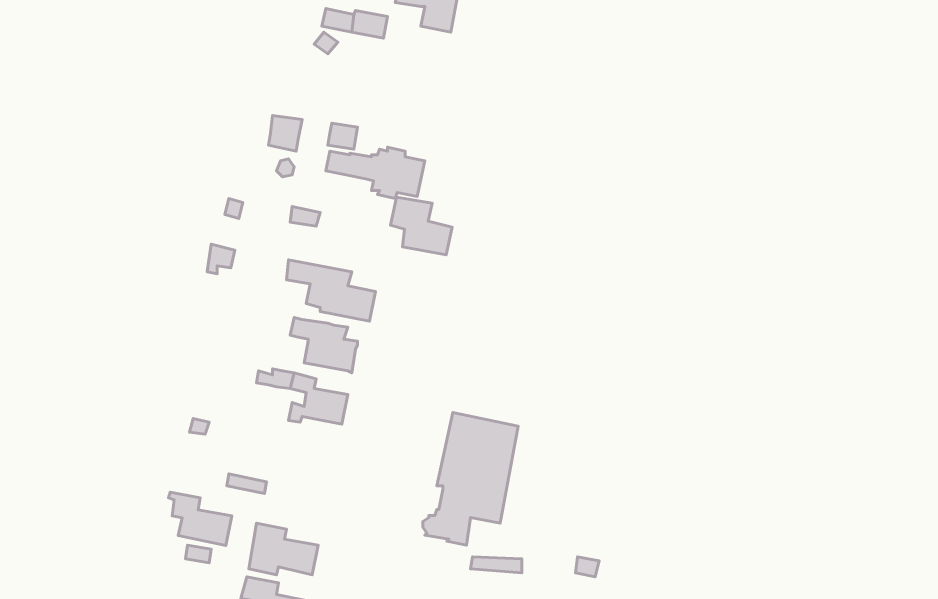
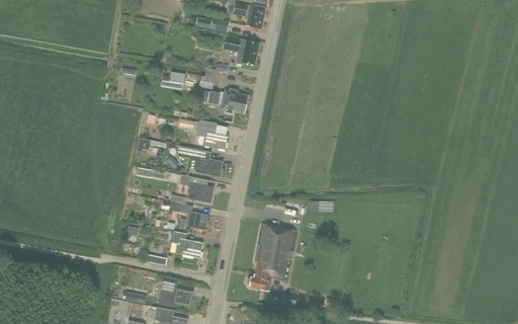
building: none -> [223,36,259,65]
building: [391,197,452,255] -> [196,120,228,150]
building: [168,492,232,545] -> [170,231,202,258]

